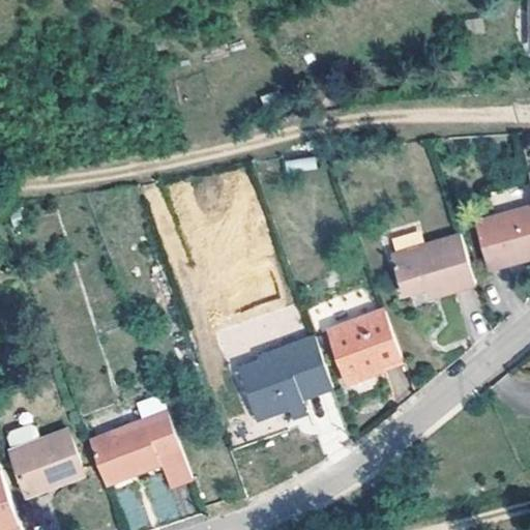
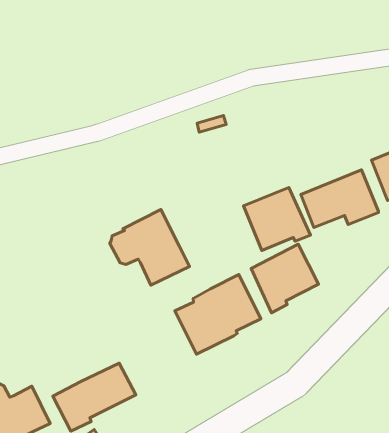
building: none -> [244,187,311,250]
building: none -> [110,209,189,285]
building: [128,454,192,489] -> none

